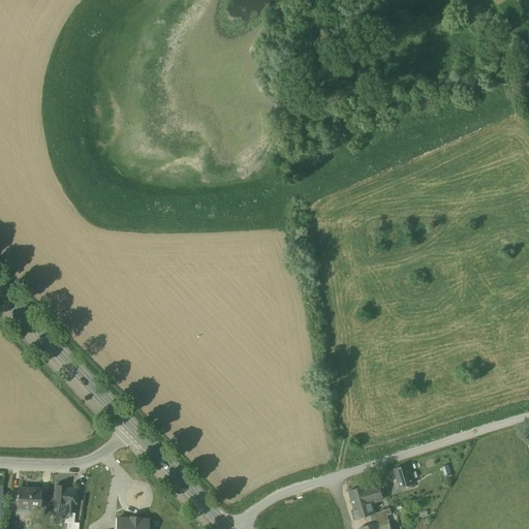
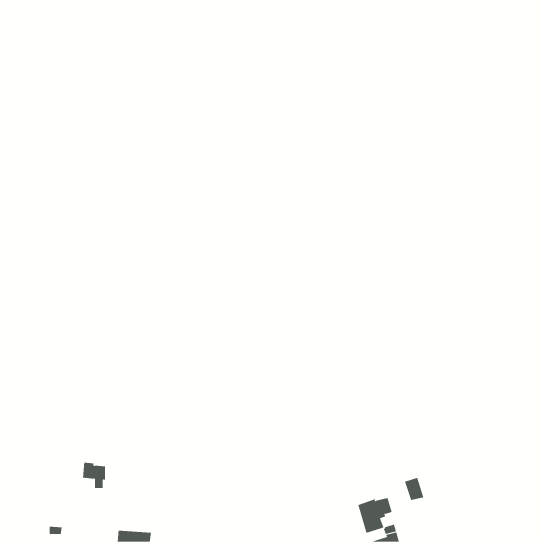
building: [53,486,75,511] -> [82,462,106,489]
building: [15,488,39,509] -> none

